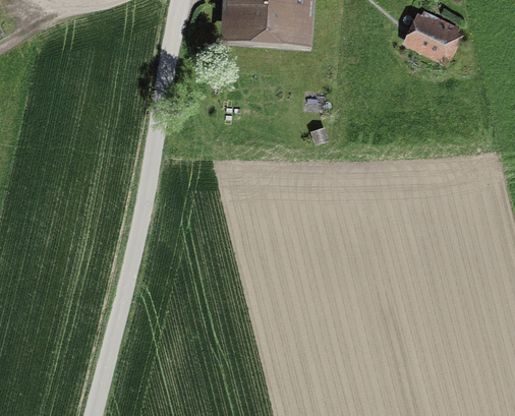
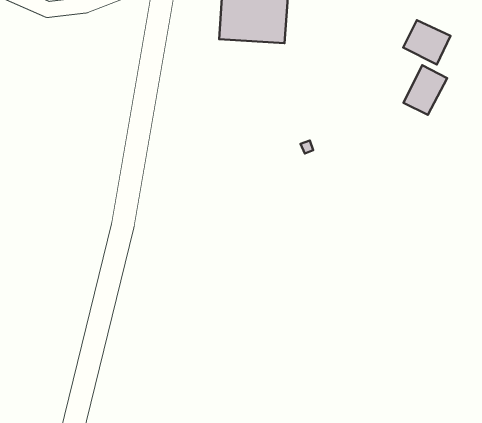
building: none -> [404,65,447,115]

